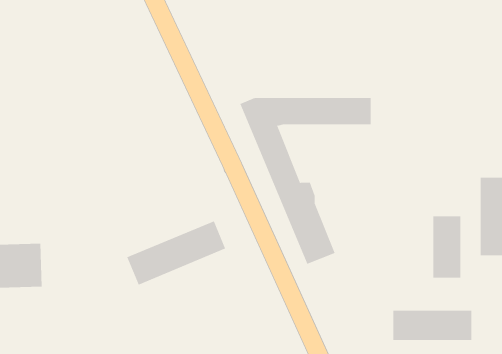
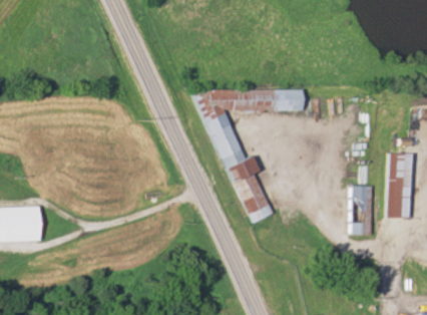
building: [127,220,226,285] -> none
building: [393,310,472,341] -> none

